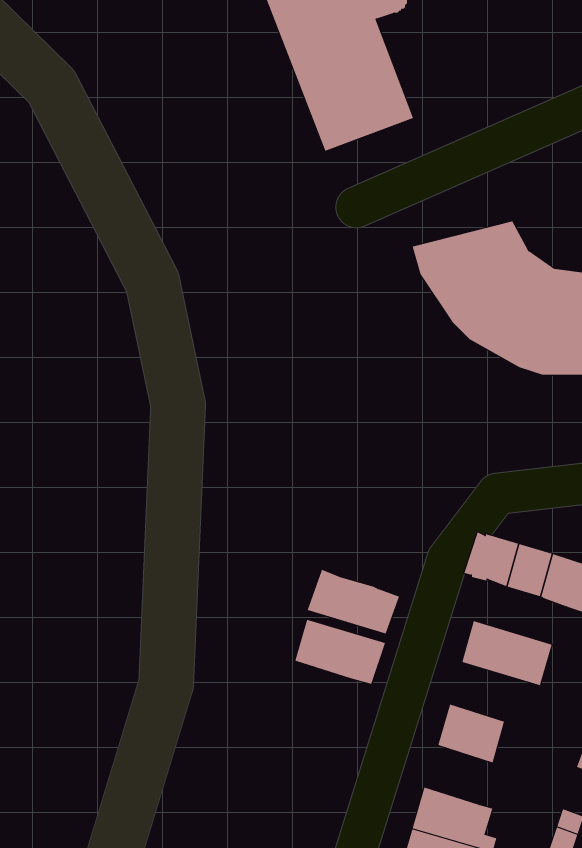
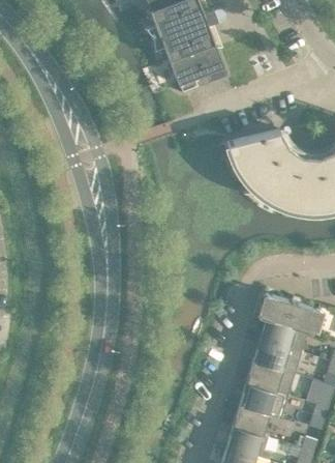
building: [307,569,400,634] -> [258,319,307,353]
building: [295,619,386,684] -> [246,363,294,397]
building: none -> [233,406,269,437]

